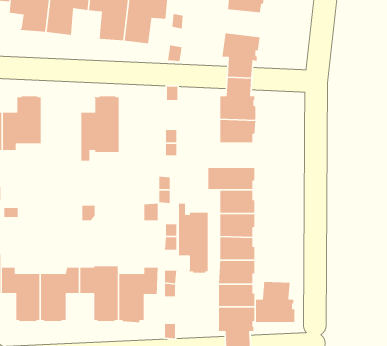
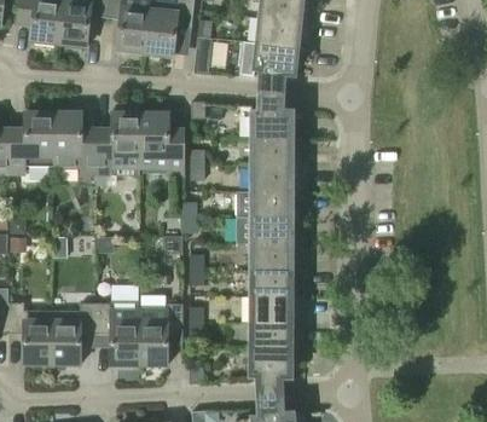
building: none -> [257,16,298,46]
building: none -> [53,111,97,173]
building: none -> [140,111,184,174]
building: none -> [251,164,291,191]
building: [178,203,208,273] -> none
building: [255,281,295,323] -> none

